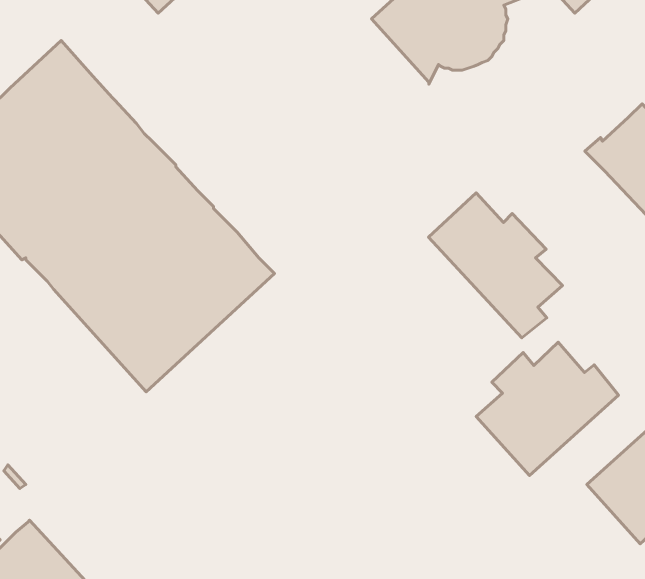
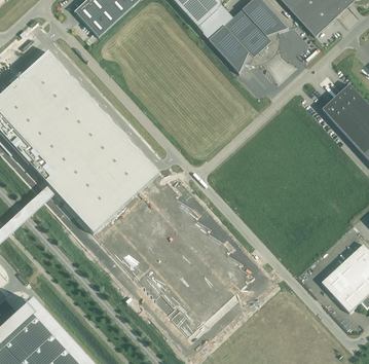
building: [429,193,563,338] -> none
building: [476,342,619,475] -> none

